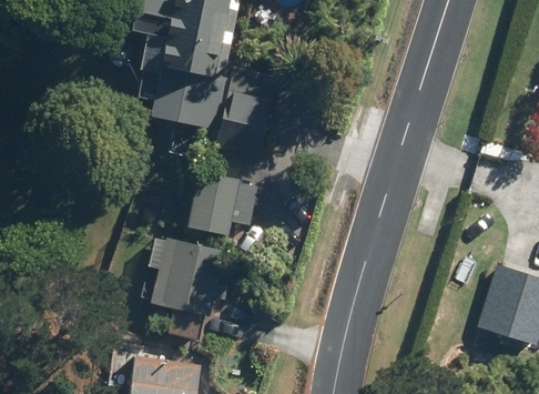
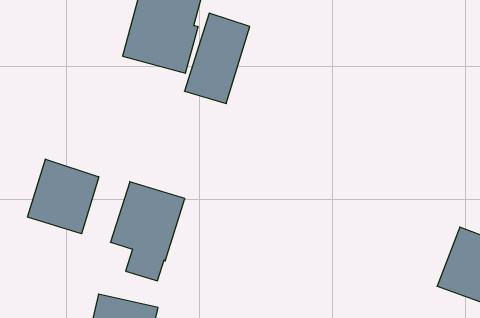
building: [185,172,236,233] -> none
building: none -> [27,159,99,234]

